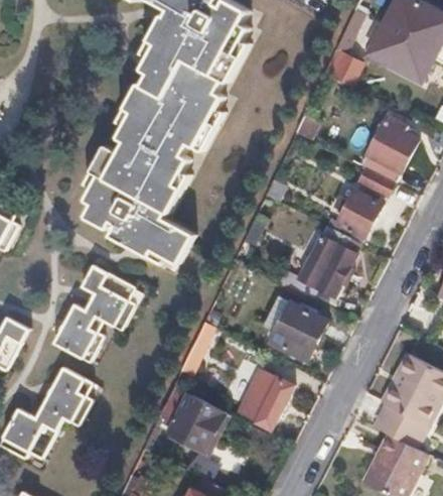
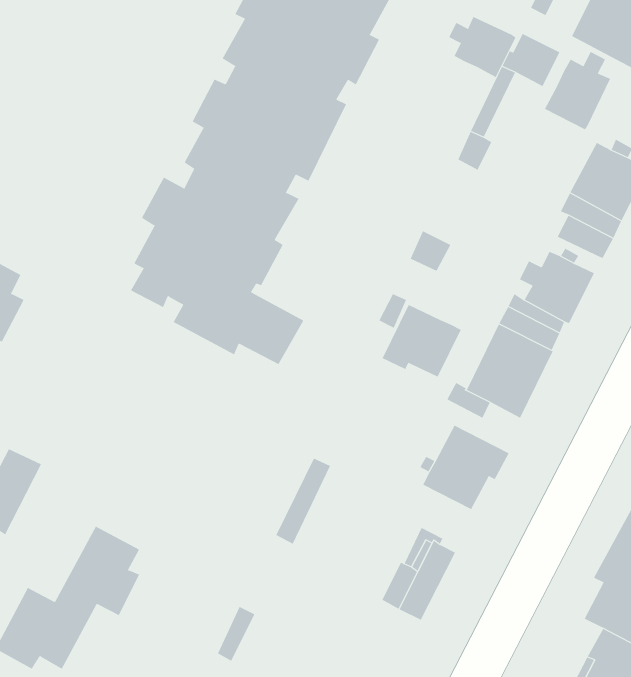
building: none -> [448,16,516,78]
building: none -> [544,51,611,130]
building: none -> [382,304,461,378]
building: [53,264,137,360] -> none
building: [157,387,226,455] -> none

